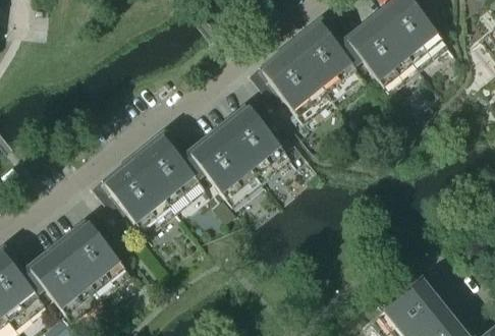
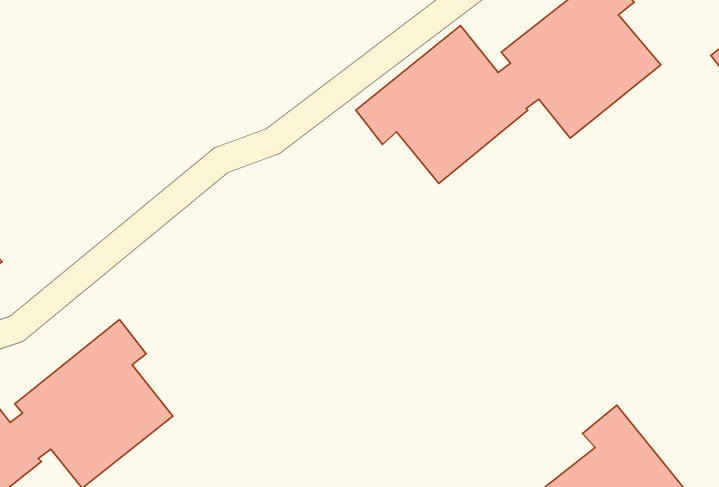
building: [92,94,289,234] -> none

